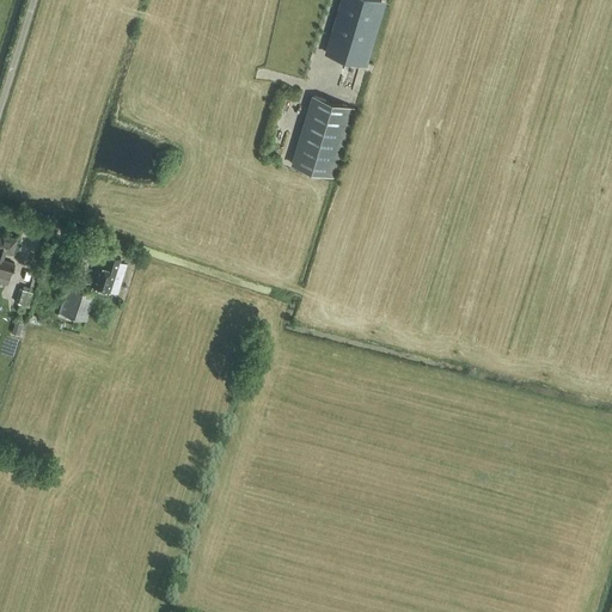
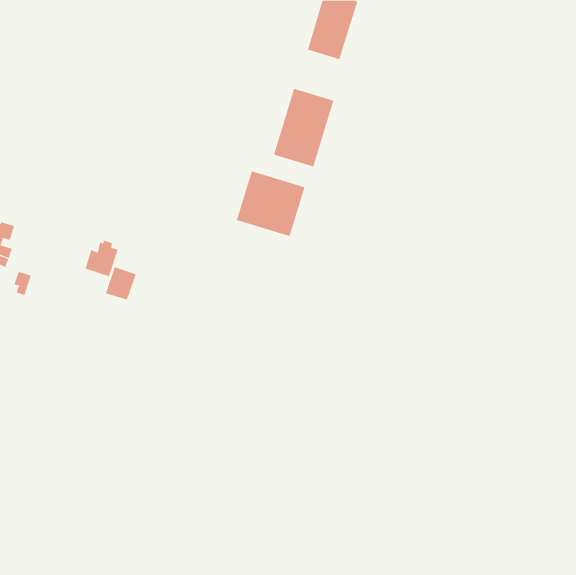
building: none -> [236,170,305,237]
building: [60,287,93,323] -> [105,266,137,300]

